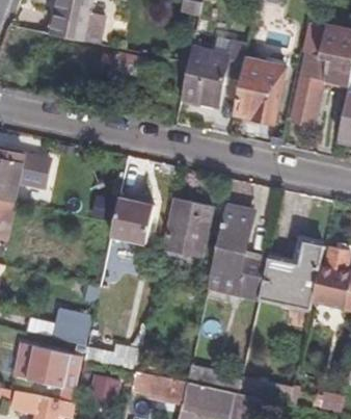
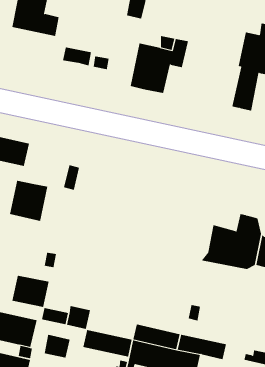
building: [234,58,286,122] -> none
building: [164,197,213,259] -> none
building: [113,199,157,245] -> [9,180,48,222]
building: [210,210,271,285] -> none

